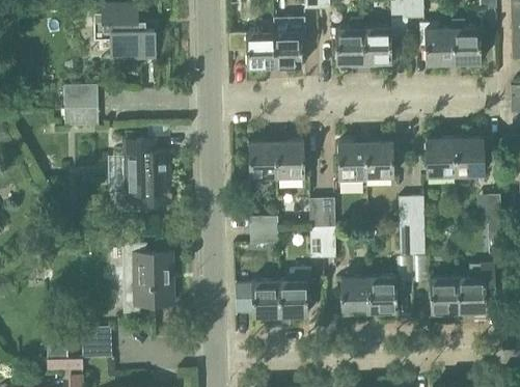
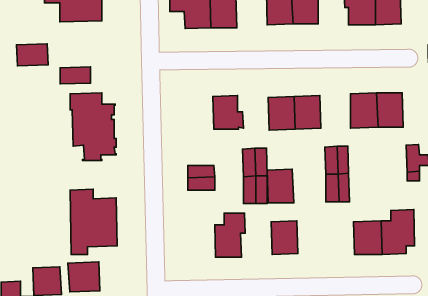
building: [65,108,99,127] -> [60,67,91,84]
building: [248,142,278,178] -> none
building: [368,276,398,312] -> [267,169,294,203]
building: [236,281,280,317] -> none
building: none -> [68,262,100,292]

